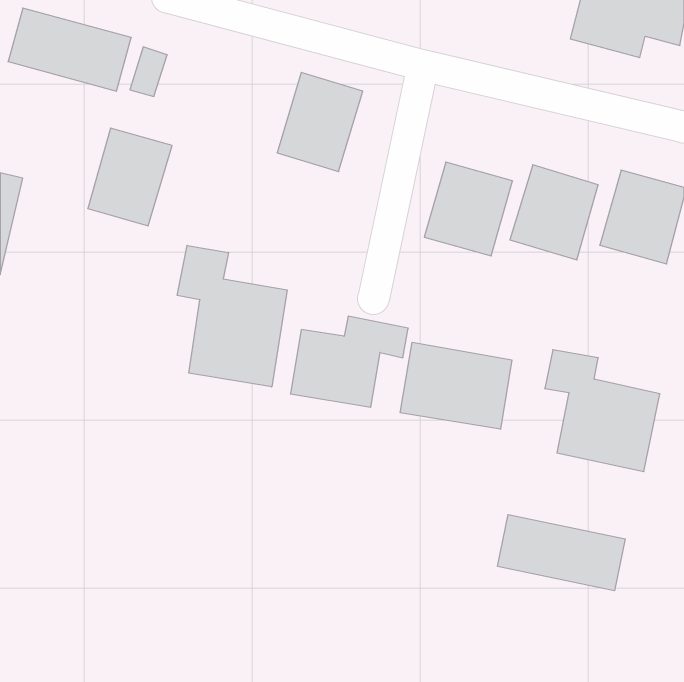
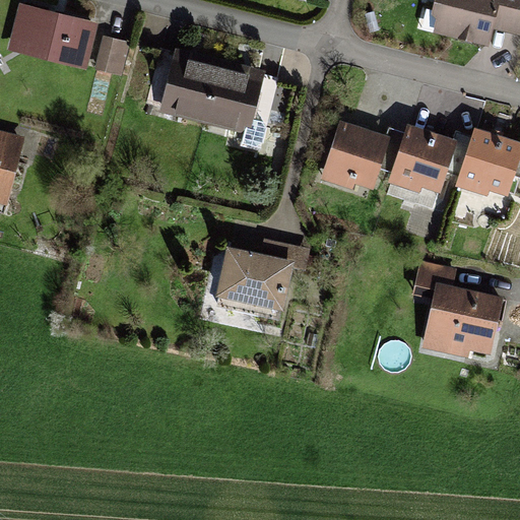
building: [88,128,172,226] -> [165,42,229,116]
building: [177,245,287,387] -> none
building: [400,342,512,429] -> none
building: [498,515,625,591] -> none

